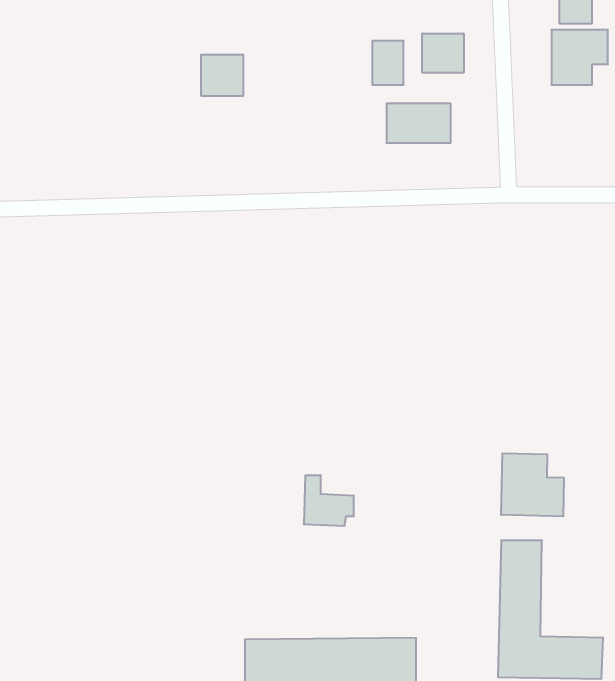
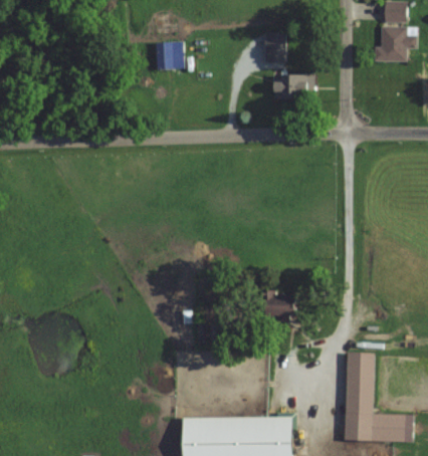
building: [422,33,464,73] -> none
building: [501,453,564,516] -> none
building: [304,475,354,526] -> [266,291,298,323]

